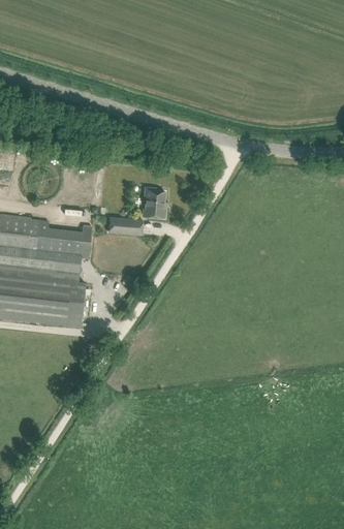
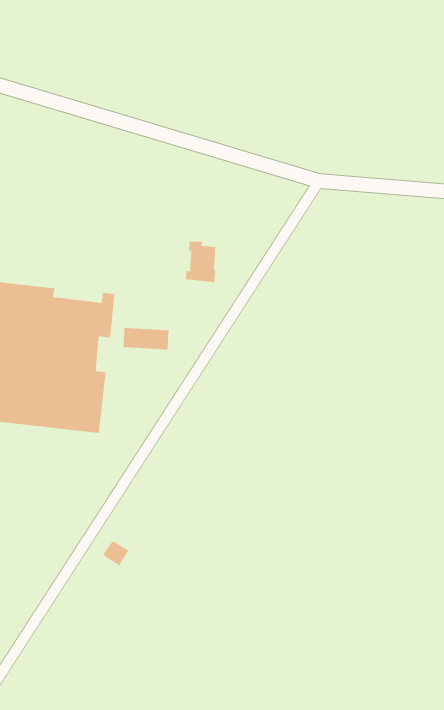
building: [108,218,143,235] -> [123,327,170,350]

